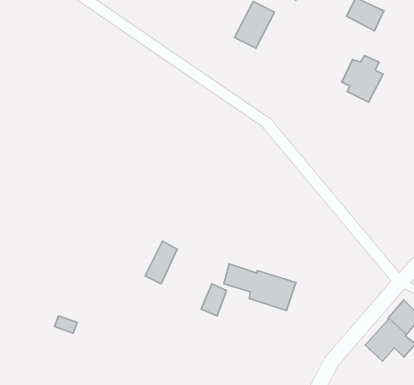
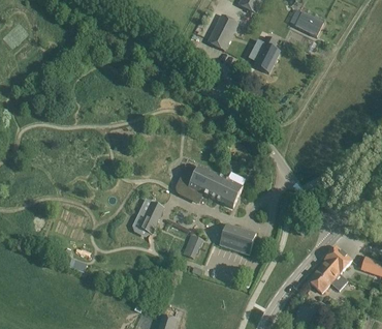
building: [342,56,383,102] -> [247,35,279,71]
building: none -> [173,165,241,207]

